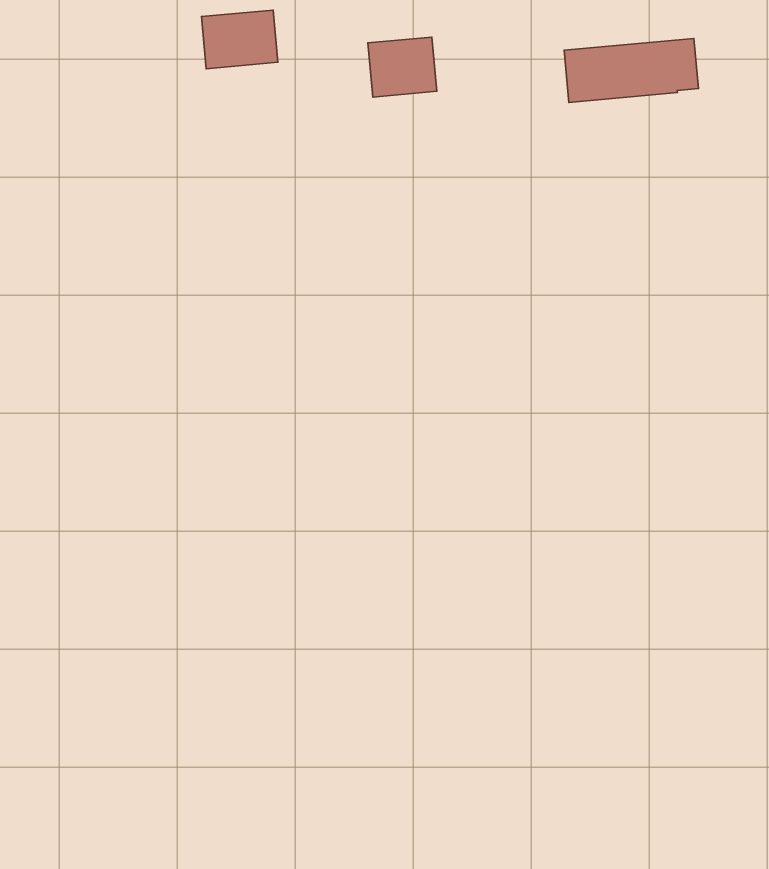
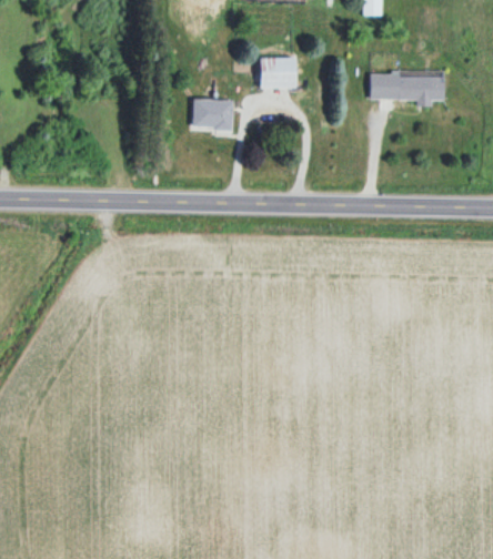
building: [201,10,278,69] -> [193,99,234,129]

